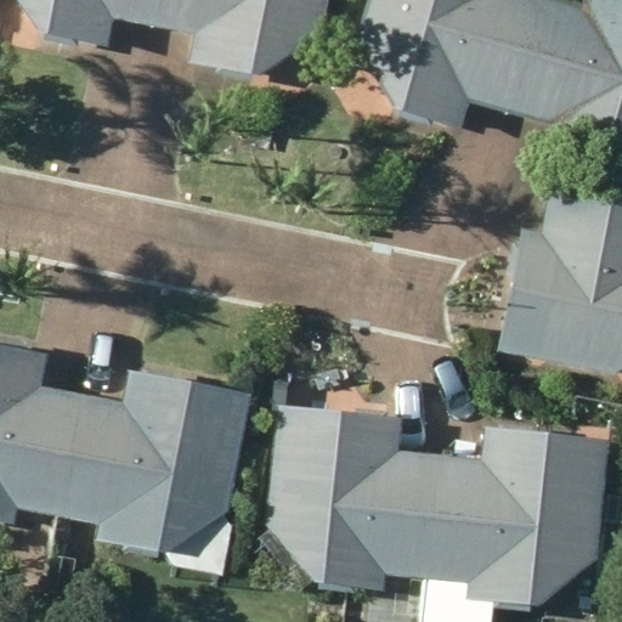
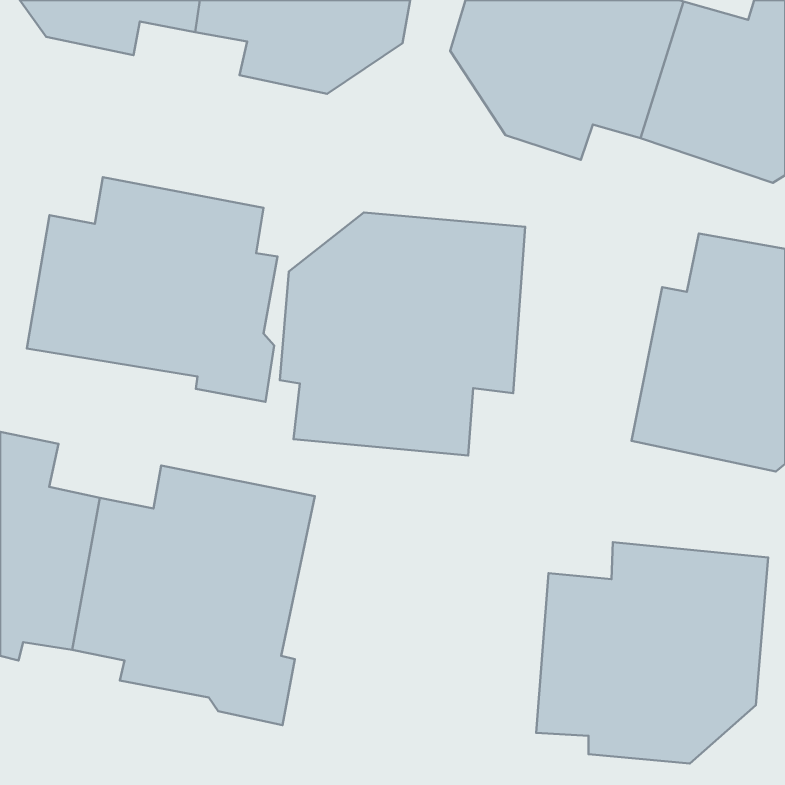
building: none -> [27,177,278,402]
building: none -> [280,213,525,456]
building: [265,405,434,589] -> none

